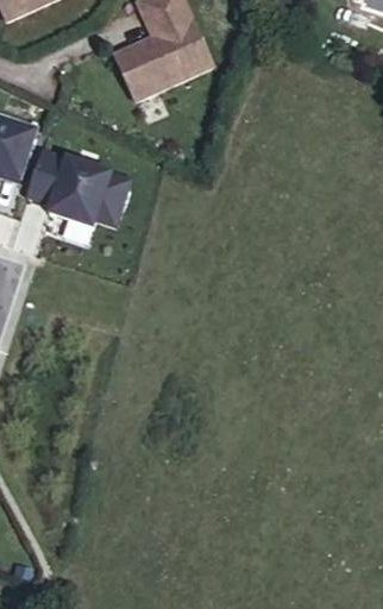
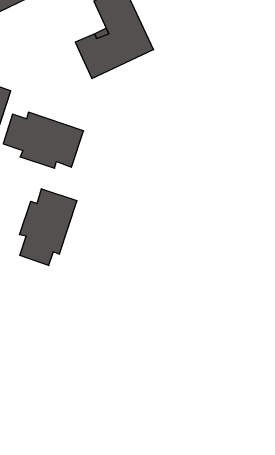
building: none -> [19,189,77,266]

